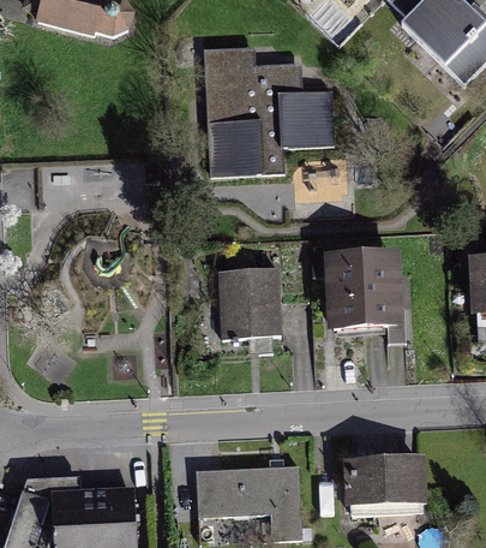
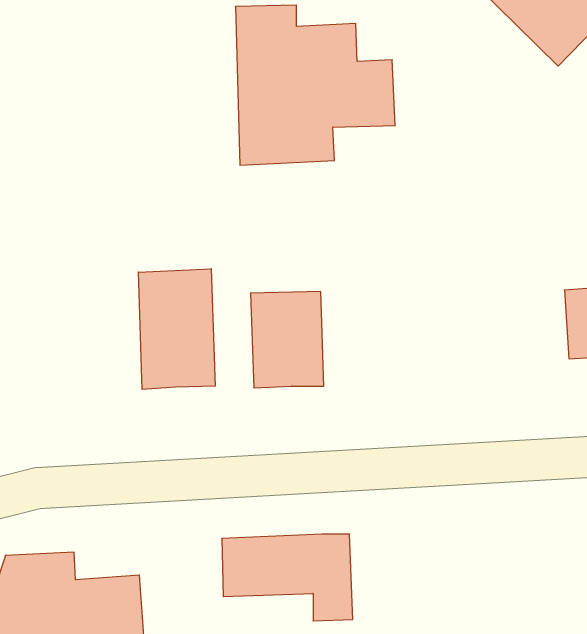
building: none -> [138,269,215,389]
building: [330,258,390,342] -> none
building: [346,459,421,517] -> none

